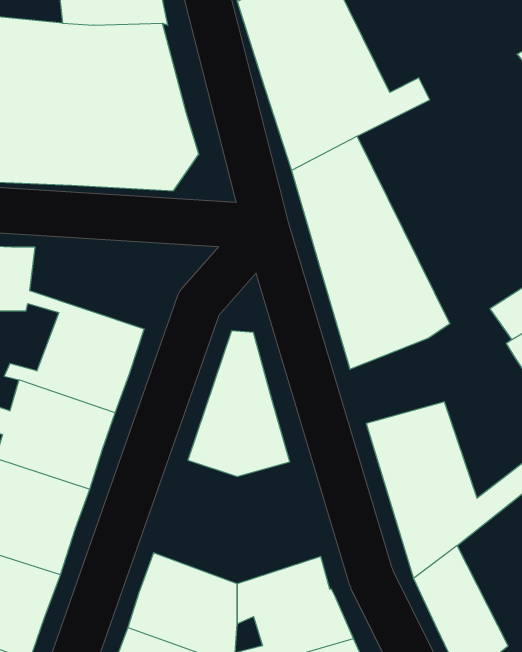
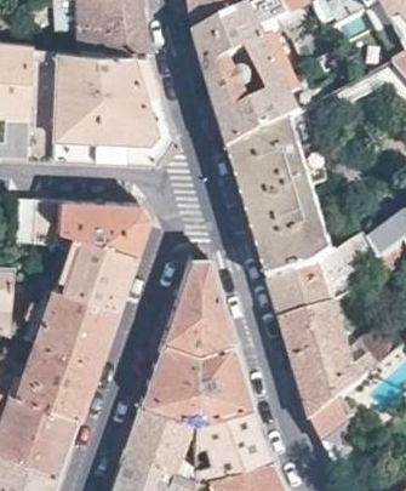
building: none -> [58,202,147,257]
building: none -> [271,245,366,320]
building: none -> [141,344,252,427]

